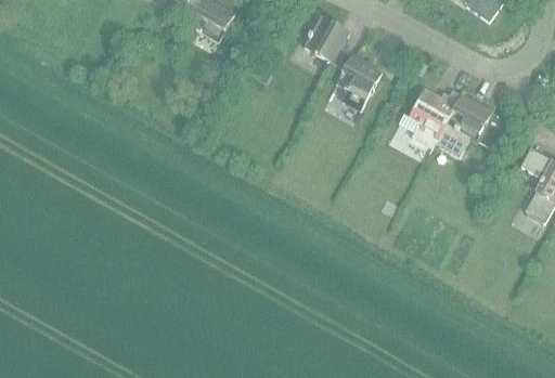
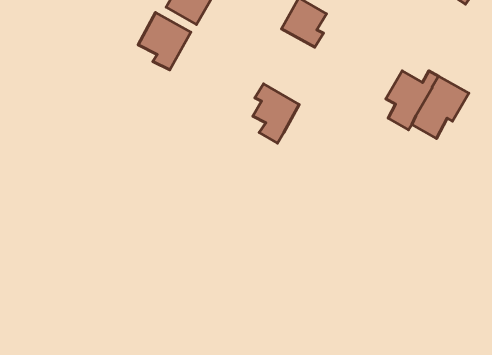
building: none -> [138,12,191,70]
building: [335,50,382,109] -> [253,84,299,143]

